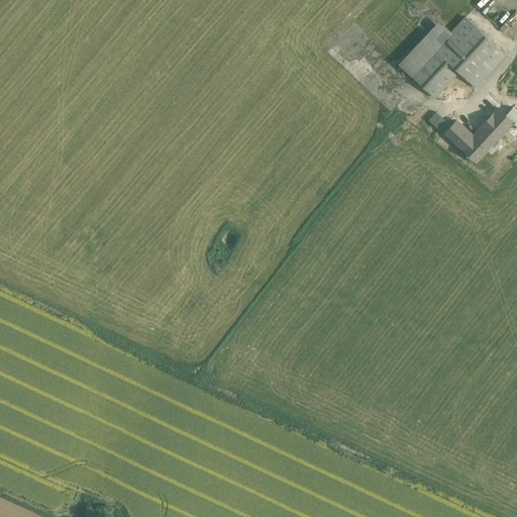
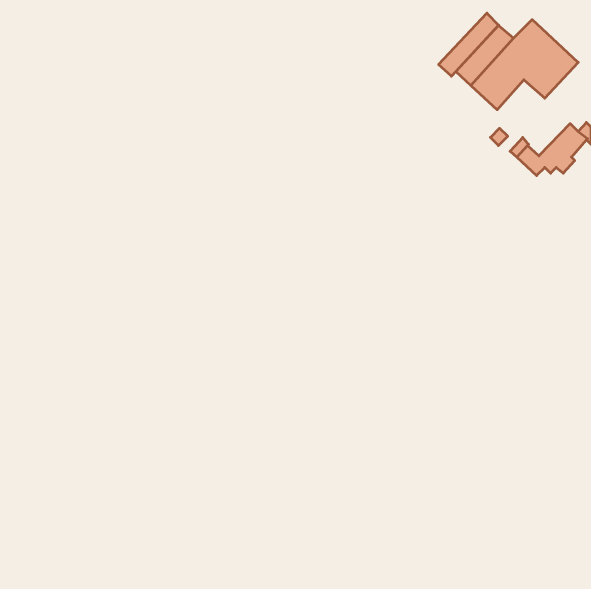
building: none -> [439,13,499,76]

